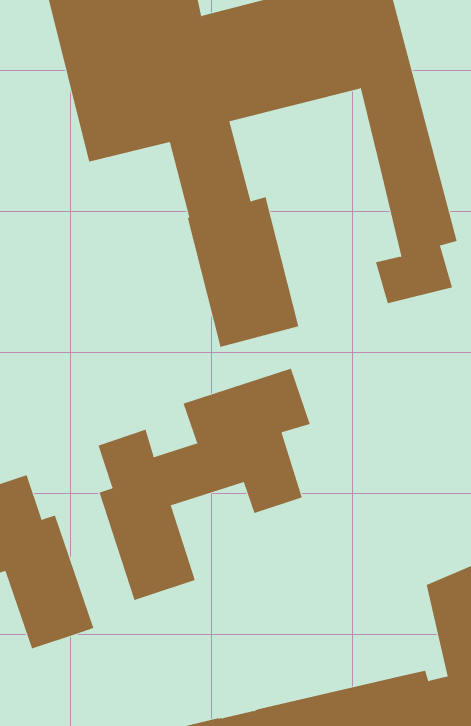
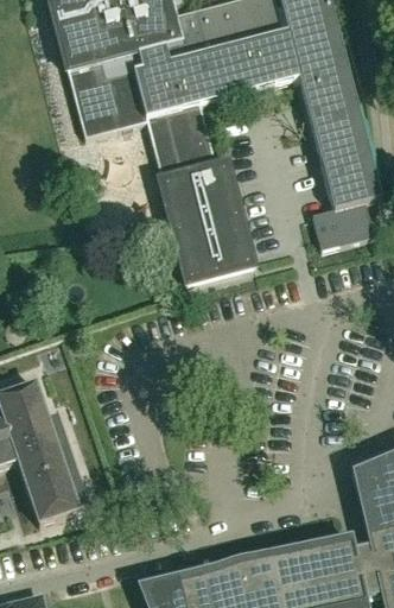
building: [98,368,311,601] -> none

